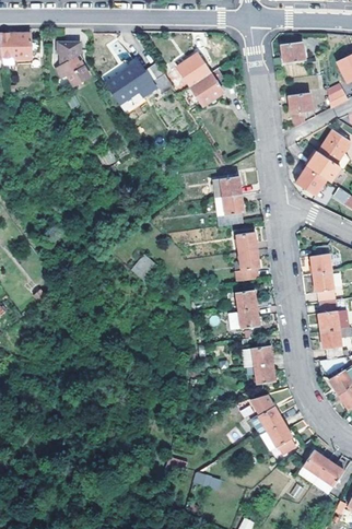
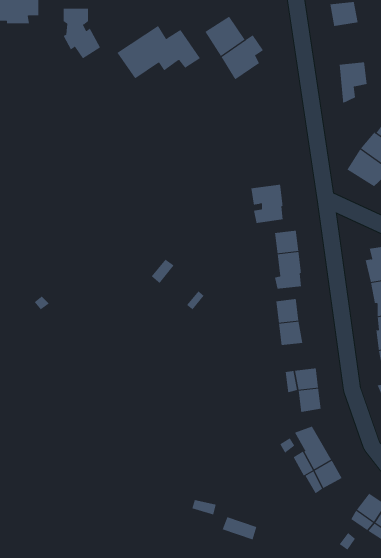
building: [213,176,240,197] -> none

